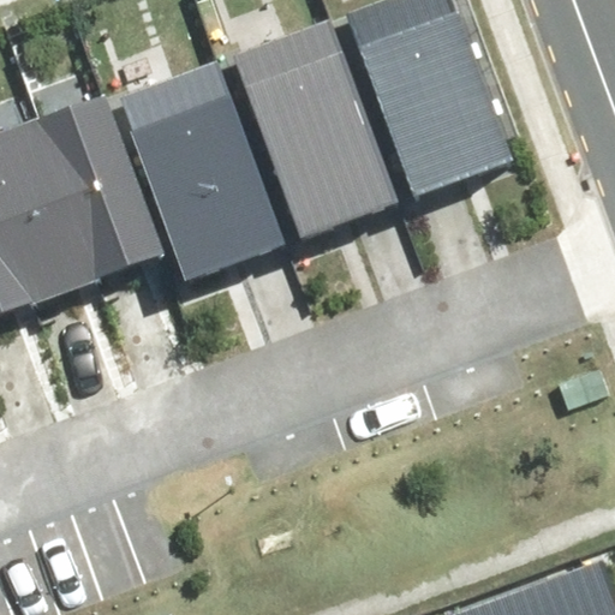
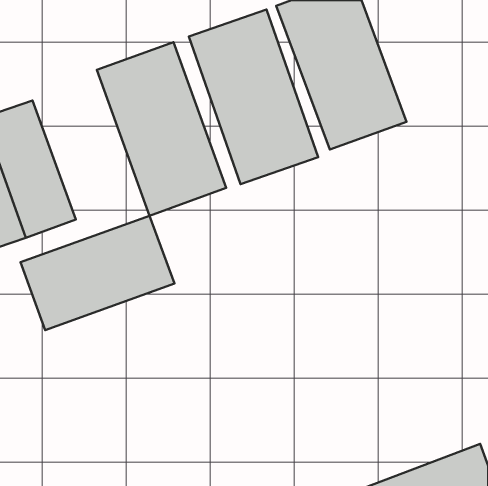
building: [41,108,157,280] -> none
building: none -> [20,216,174,330]

